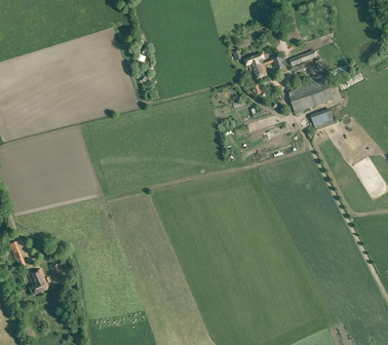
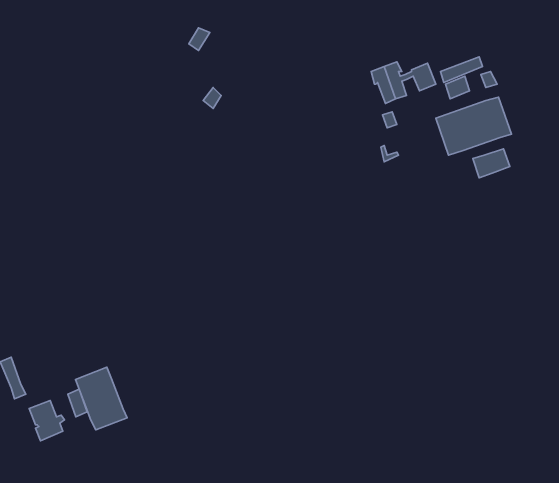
building: none -> [75,367,127,430]

